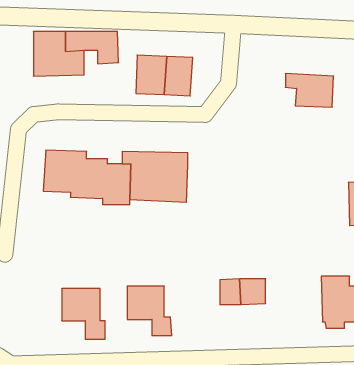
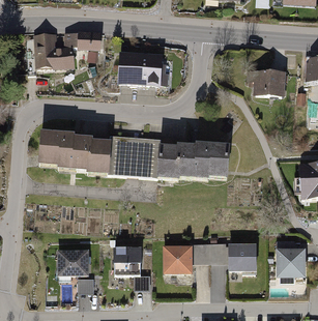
building: none -> [163,145,234,185]
building: none -> [226,243,256,279]
building: none -> [163,245,192,280]

